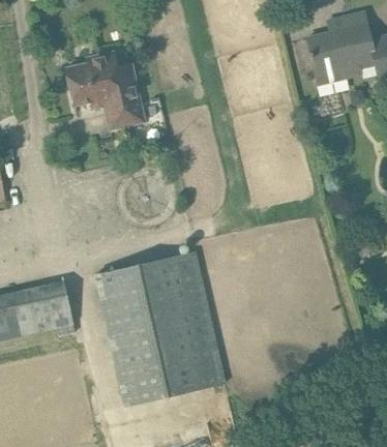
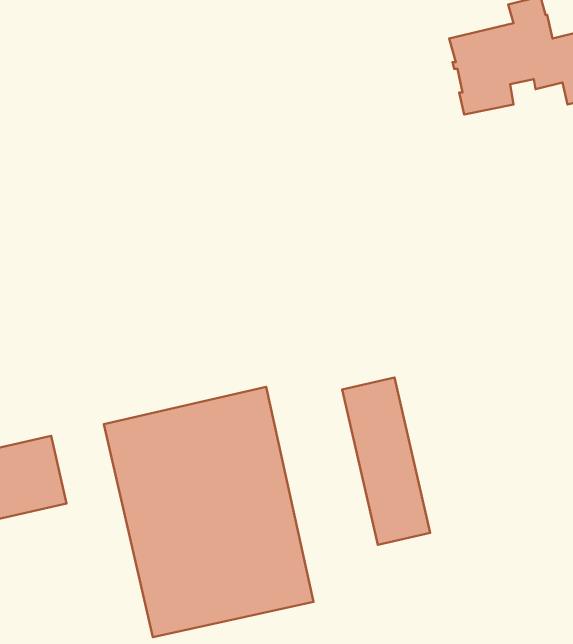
building: [65,51,144,127] -> none
building: none -> [342,377,430,545]

